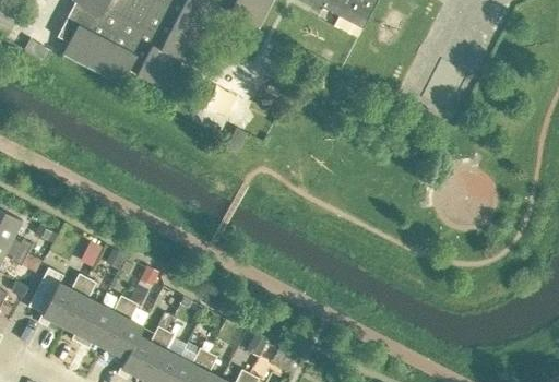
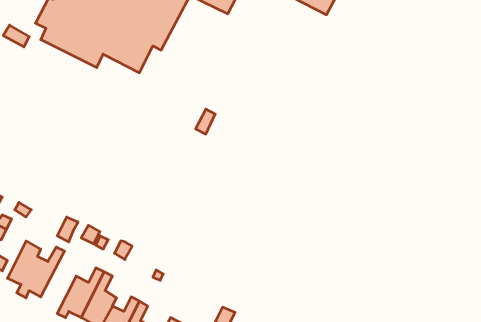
building: [62,277,99,343] -> none

